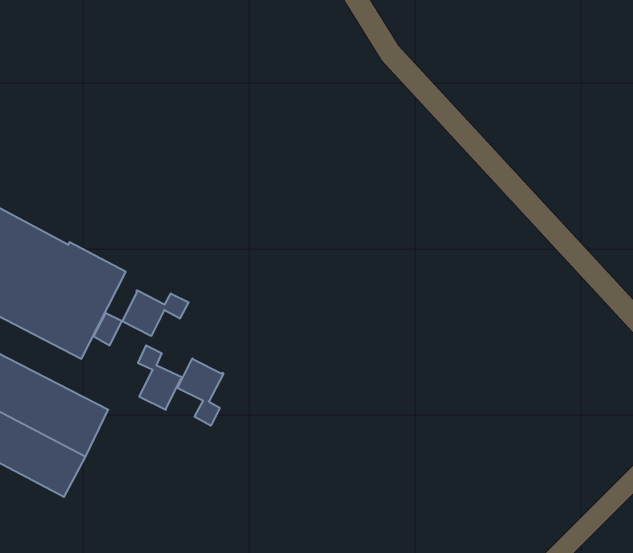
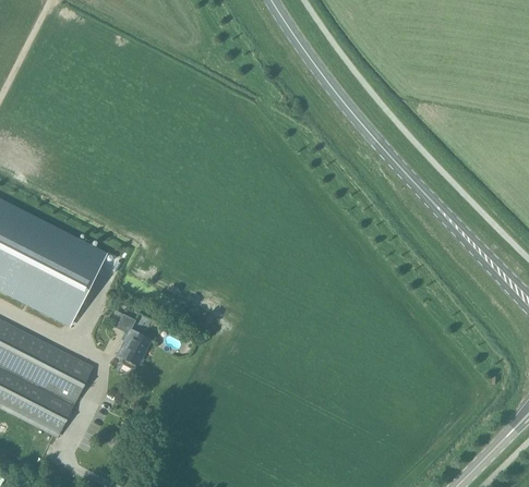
building: [122,290,189,336] -> none
building: [178,358,223,426] -> none

